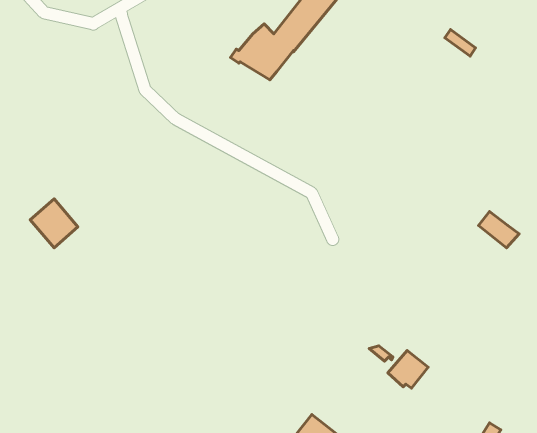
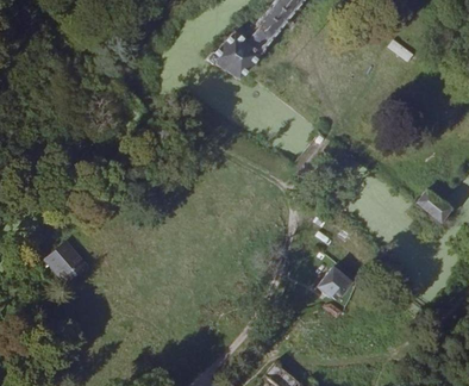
building: [30,199,78,248] -> [44,238,85,280]
building: [388,350,428,388] -> [318,268,352,300]

